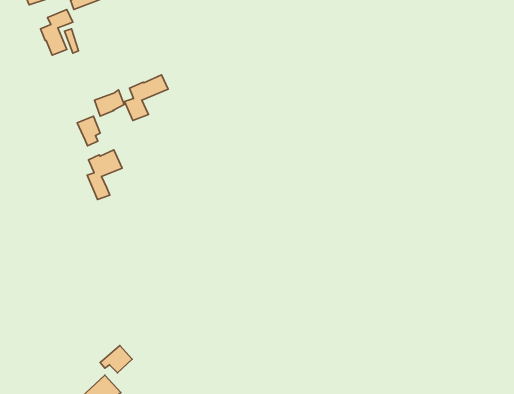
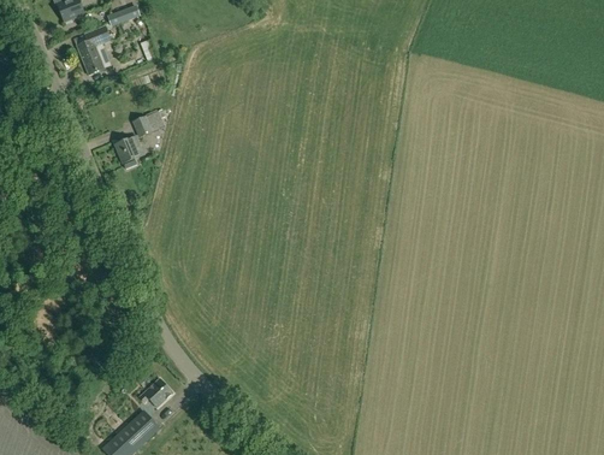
building: [125,75,168,121] -> none
building: [87,150,122,200] -> none

